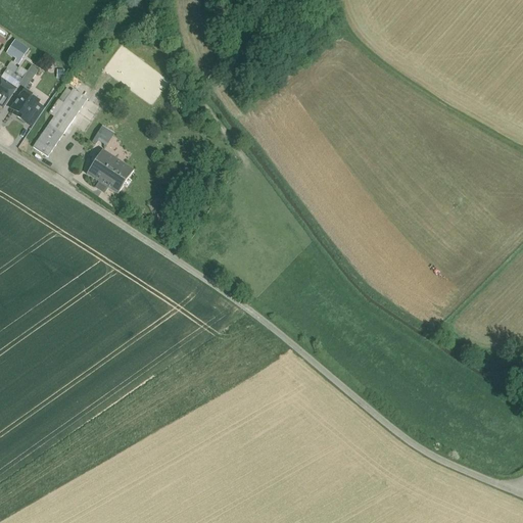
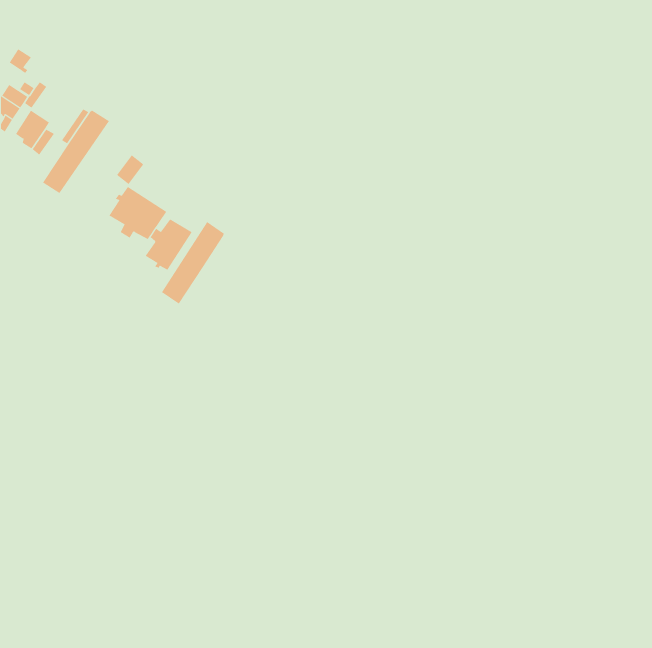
building: none -> [145,218,192,271]
building: none -> [161,221,225,305]

